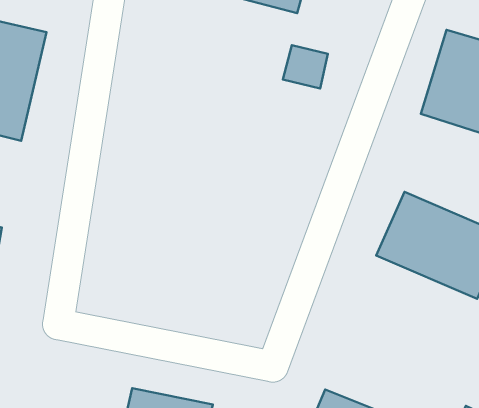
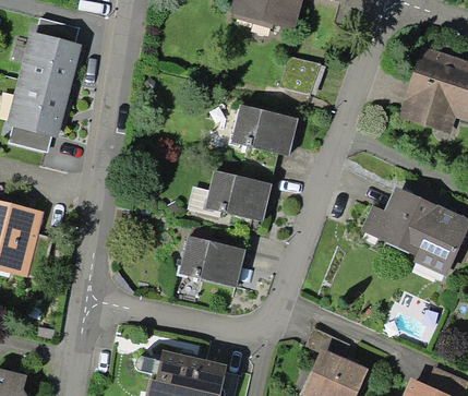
building: none -> [228,103,302,159]
building: none -> [201,170,273,225]
building: none -> [178,237,245,290]

